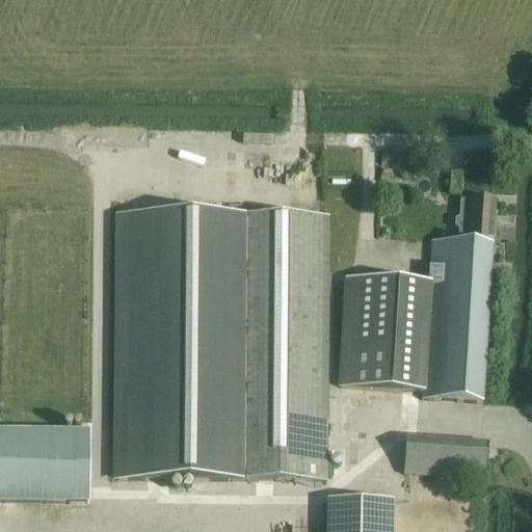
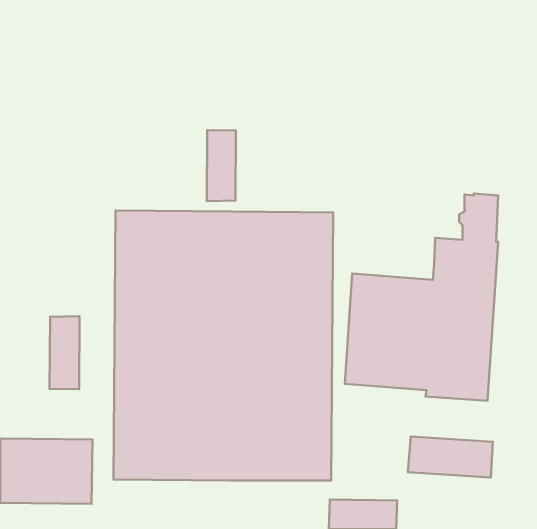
building: none -> [207,130,236,201]
building: none -> [50,316,80,389]

